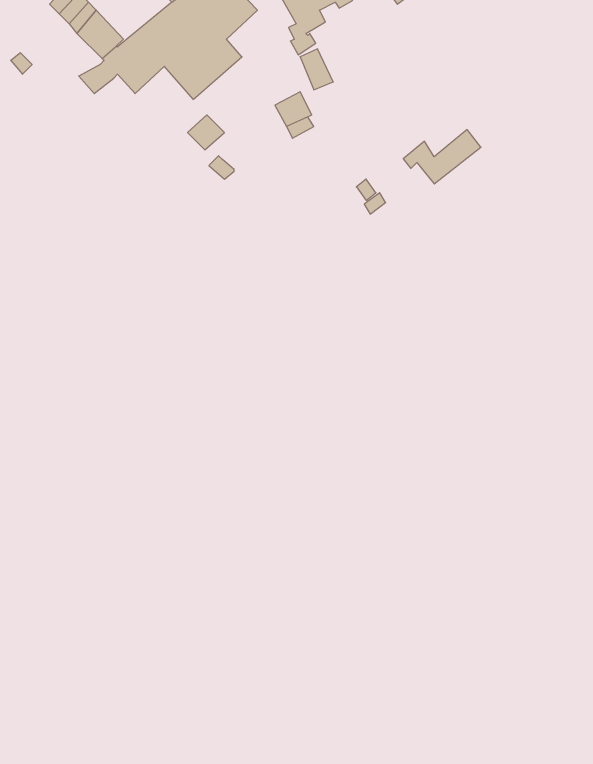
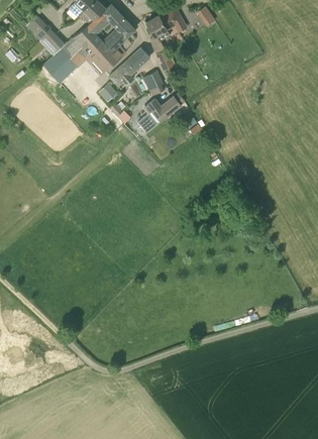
building: none -> [110,46,149,89]
building: [403,130,481,184] -> [144,92,185,120]

